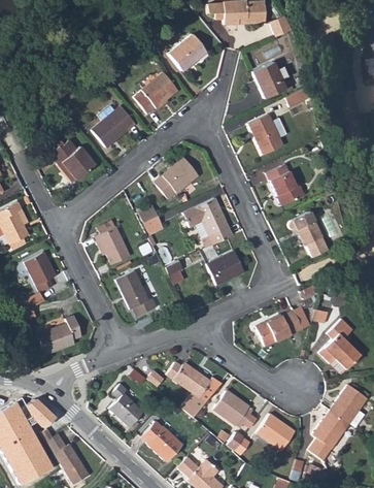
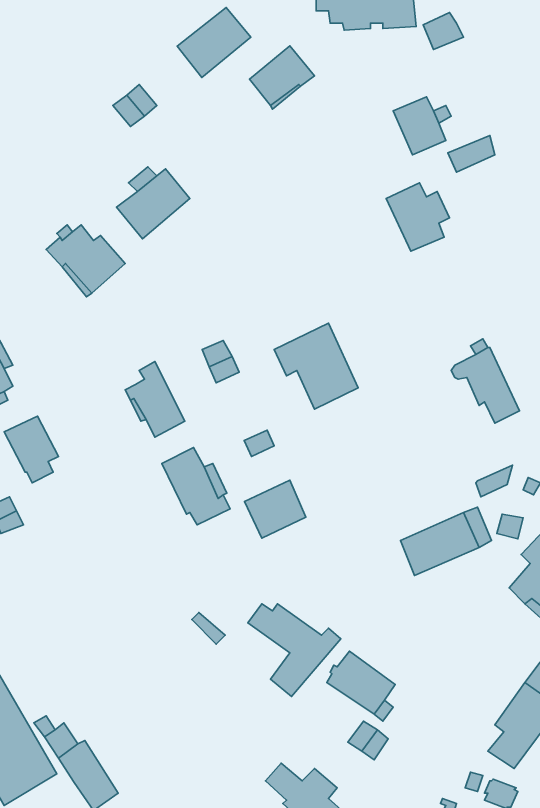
building: [133,74,176,116] -> [177,7,251,78]
building: [154,159,197,200] -> none
building: [265,165,304,207] -> none
building: [207,252,243,286] -> [244,480,306,538]
building: [38,316,81,355] -> none
building: [109,385,143,427] -> none
building: [30,395,60,424] -> none
building: [256,414,295,451] -> none
building: [141,422,182,462] -> none

